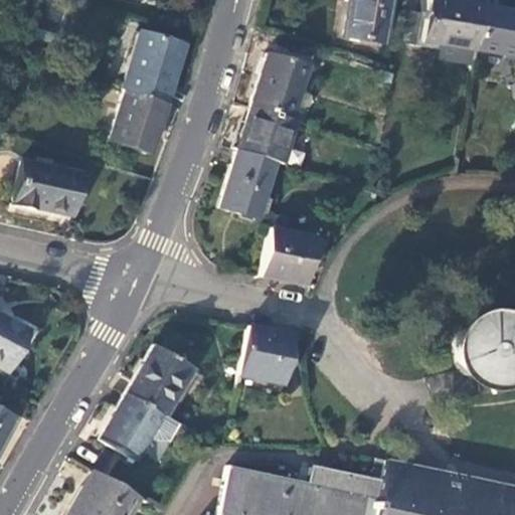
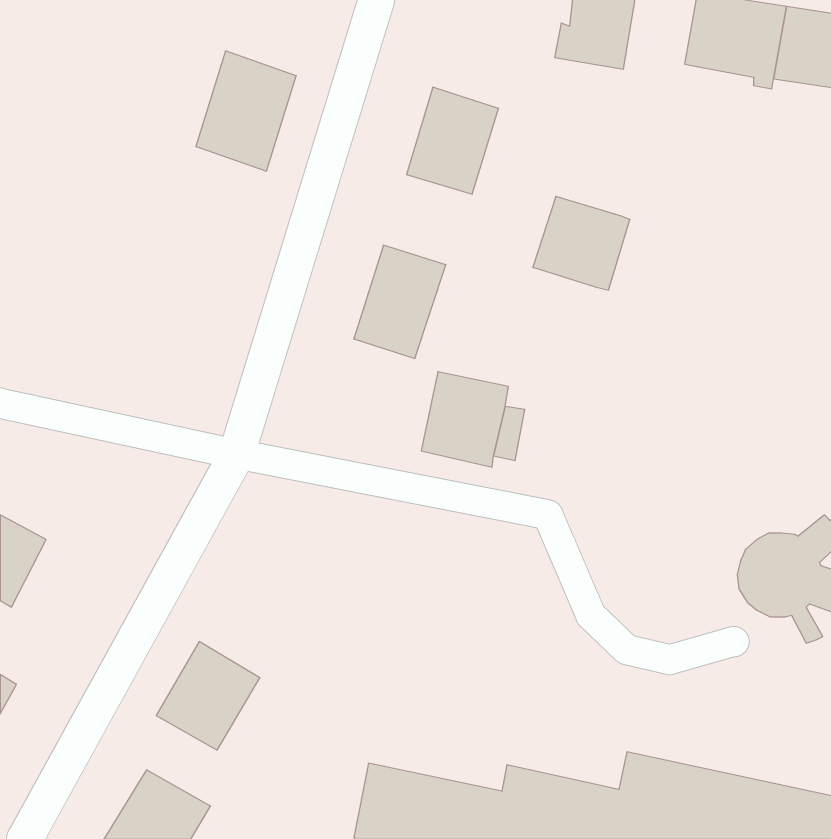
building: [114,91,169,154] -> none
building: [240,107,300,164] -> [533,196,630,290]
building: [15,161,84,215] -> none
building: [241,327,297,379] -> none
building: [128,346,195,416] -> none

